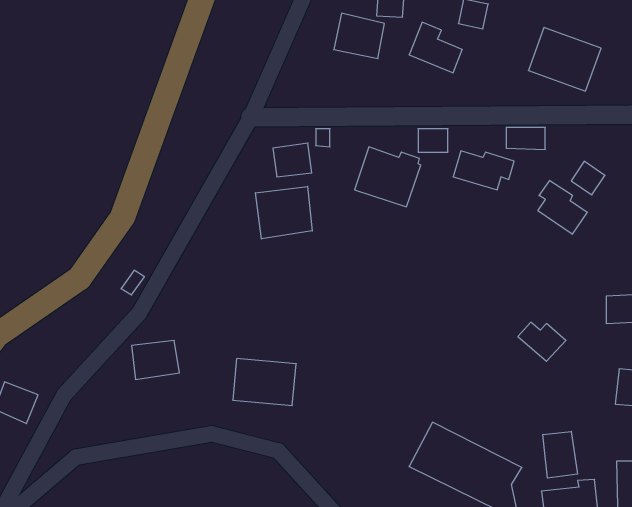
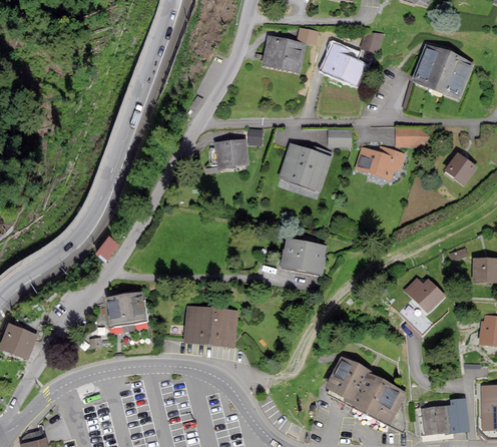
building: [538,180,587,234] -> none
building: [255,186,312,239] -> none
building: none -> [280,236,325,274]
building: [543,431,578,478] -> none

